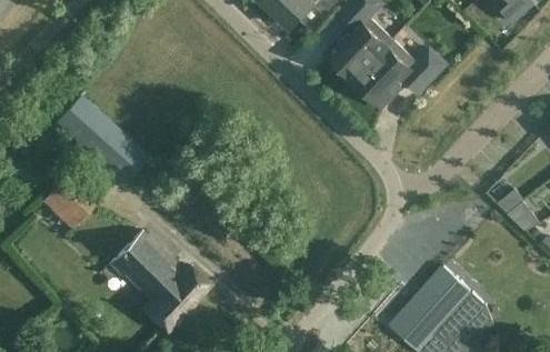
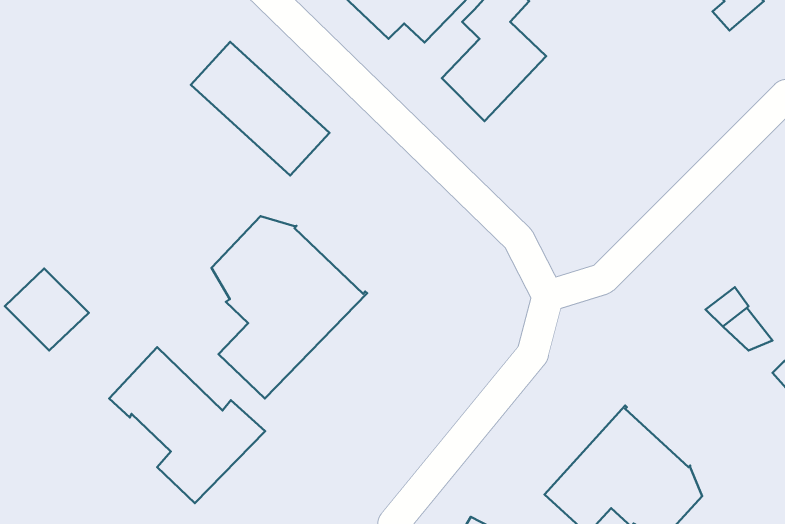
building: [352,39,444,108] -> none
building: [54,95,144,182] -> [191,42,330,175]
building: none -> [211,216,367,399]

